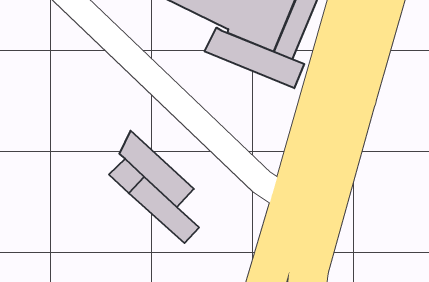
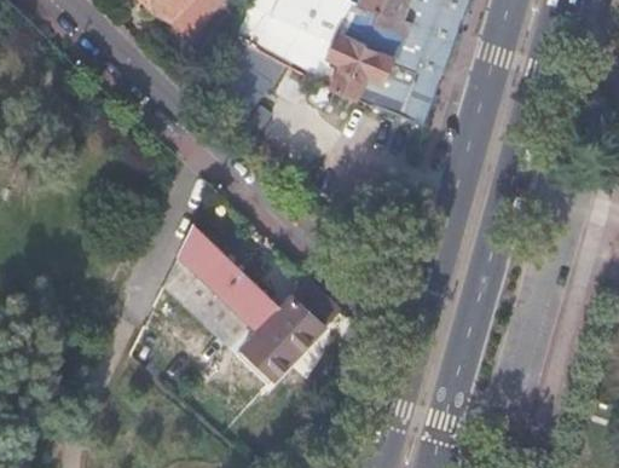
building: [205,28,304,88] -> none
building: none -> [259,278,341,362]

